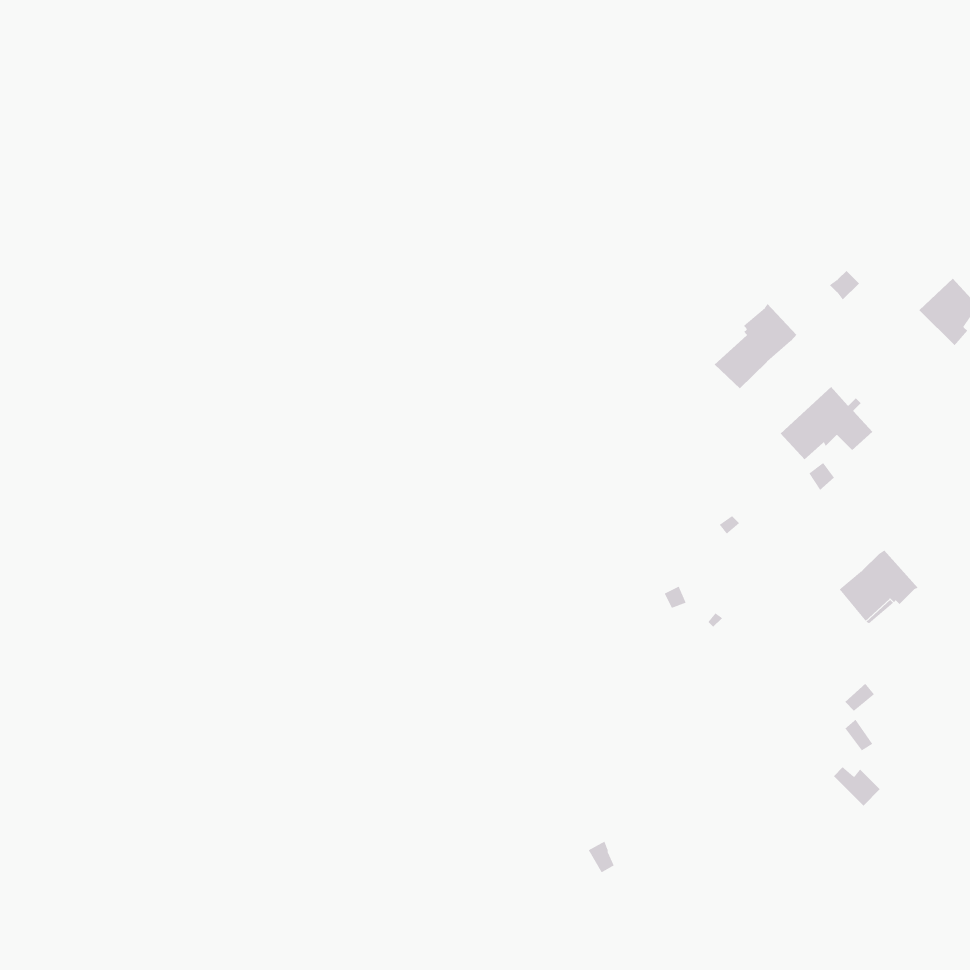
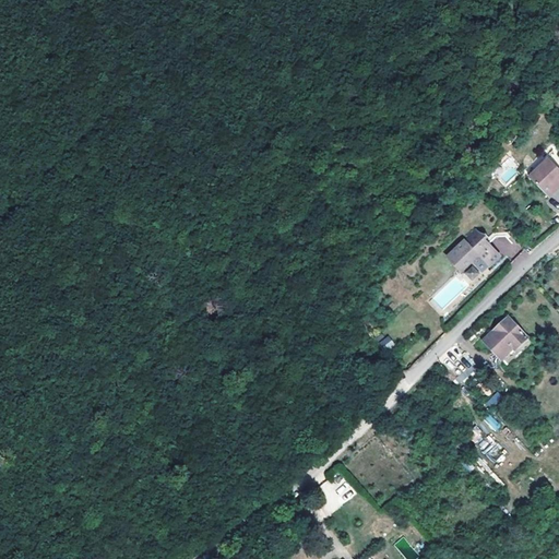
building: [714,303,797,389] -> none

